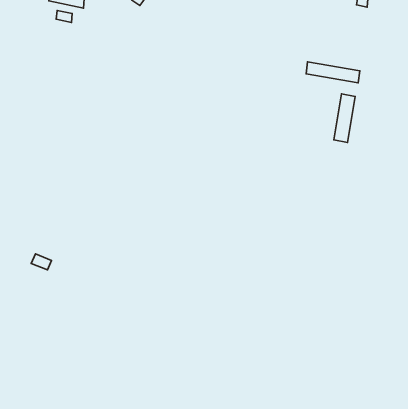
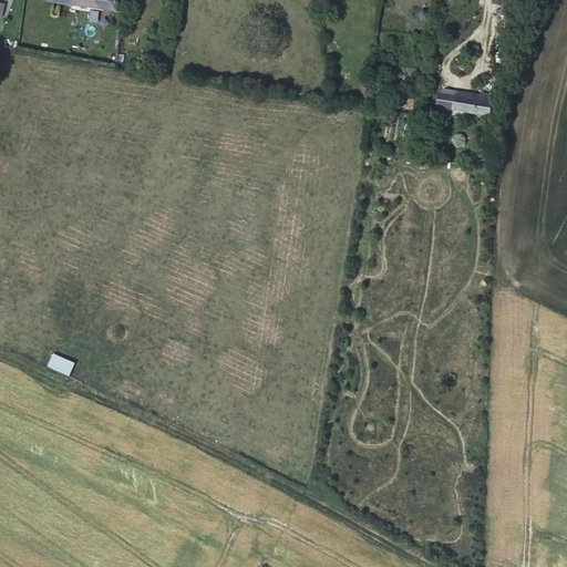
building: [334,94,355,142] -> none

